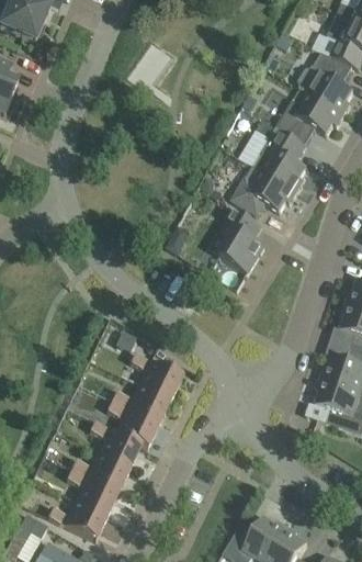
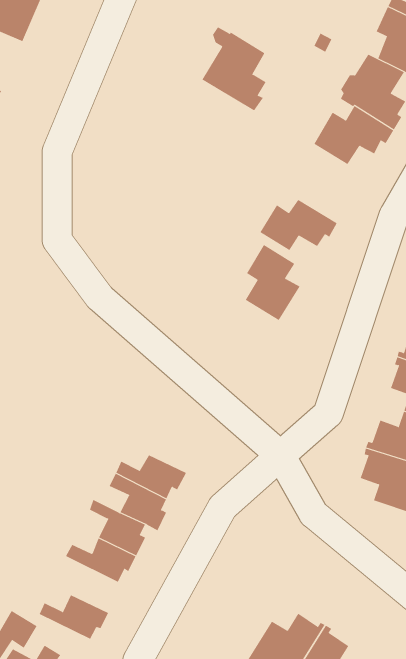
building: [252,122,306,192] -> [202,27,266,111]
building: [129,352,178,400] -> none
building: [66,469,114,516] -> none

